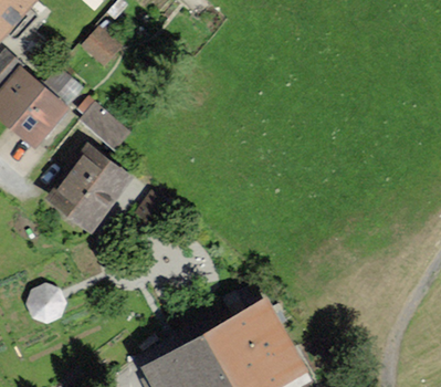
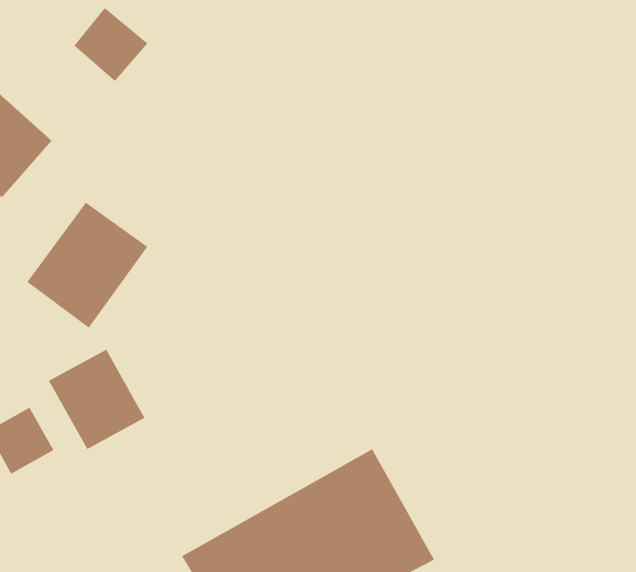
building: [76,96,127,144] -> none
building: none -> [48,349,145,450]

